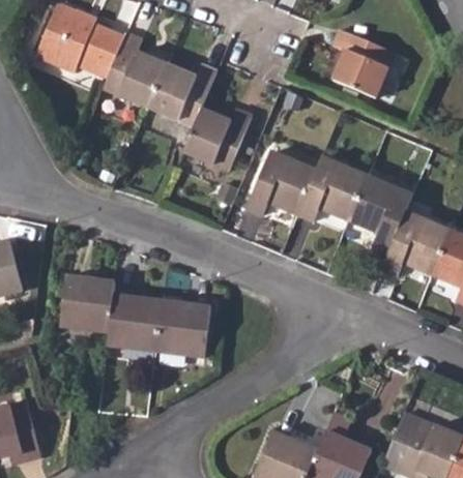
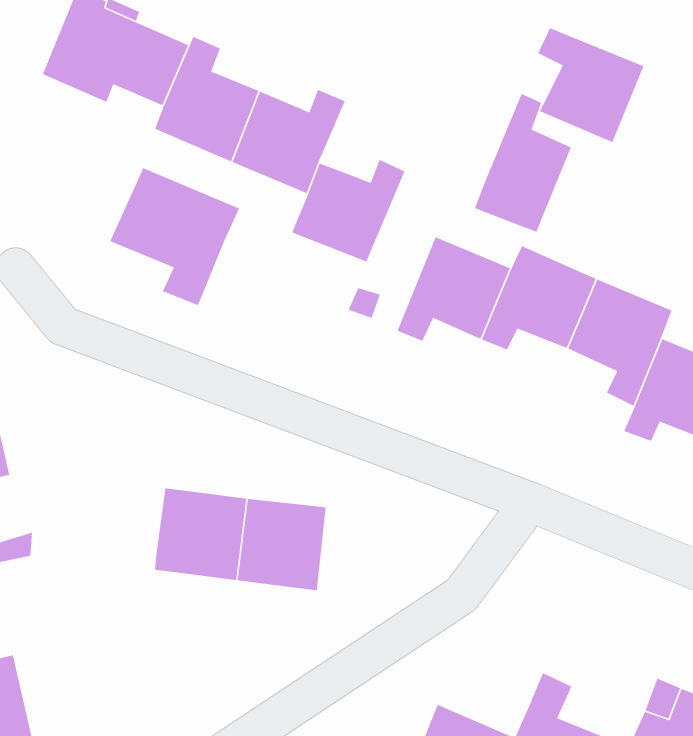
building: none -> [474,93,572,233]
building: none -> [109,167,240,306]
building: [58,280,114,337] -> none

